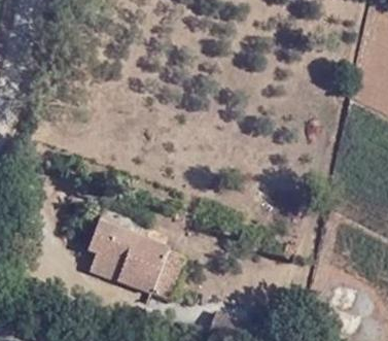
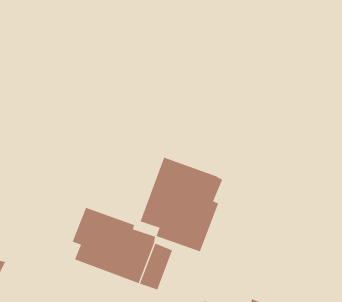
building: none -> [140,157,223,252]

